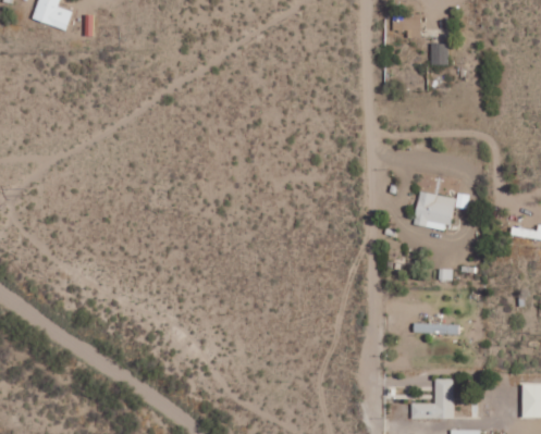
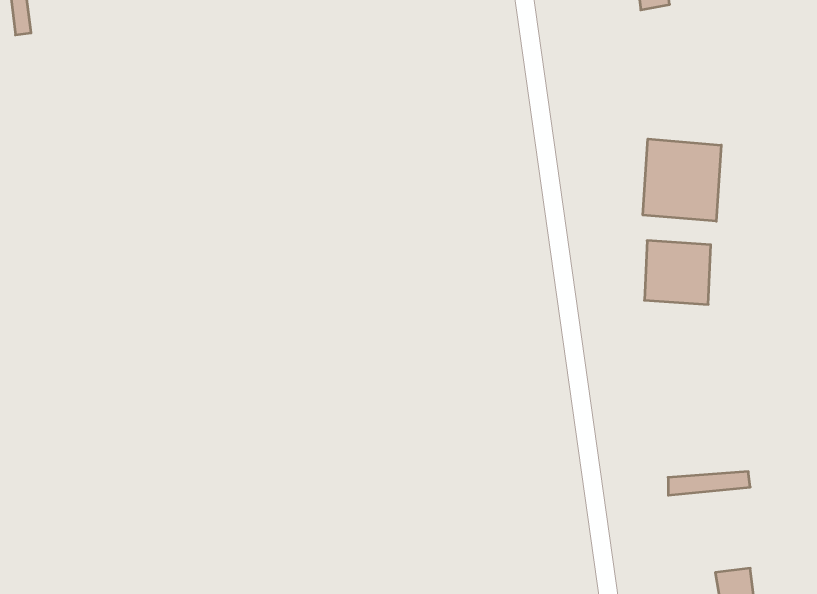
building: none -> [643,139,721,221]

